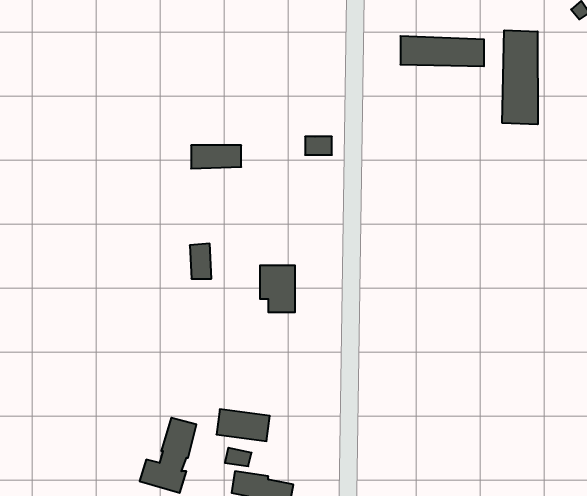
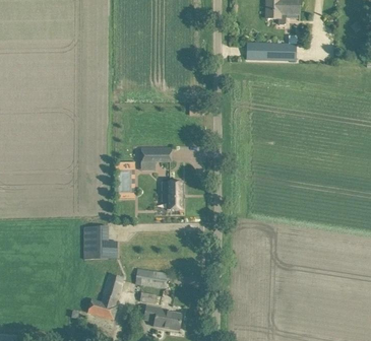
building: [502,30,538,124] -> none
building: [191,145,241,169] -> [140,147,171,161]
building: none -> [82,225,117,258]

